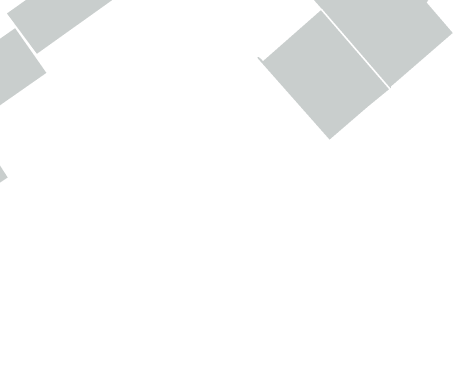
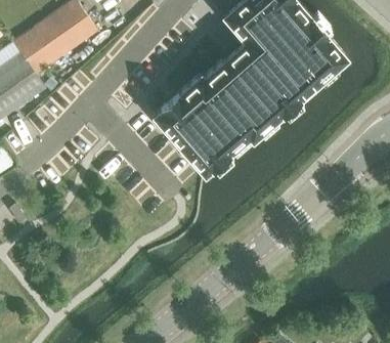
building: none -> [155,76,254,173]

